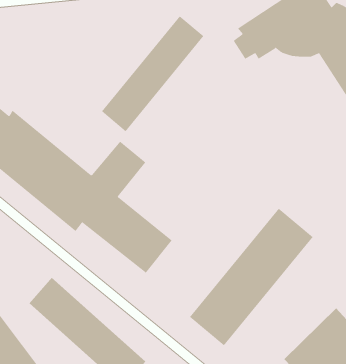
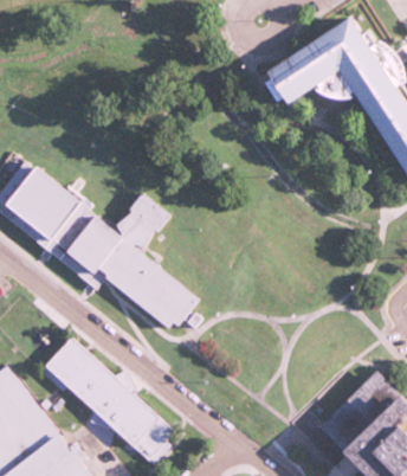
building: [101,15,204,132] -> none
building: [189,208,313,346] -> none

